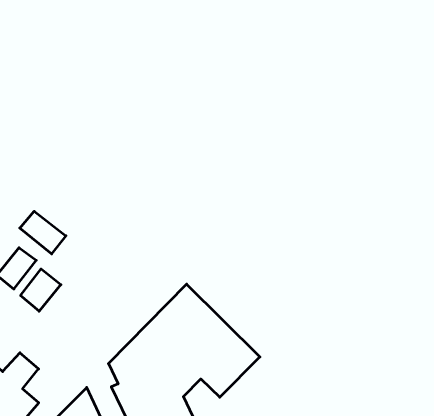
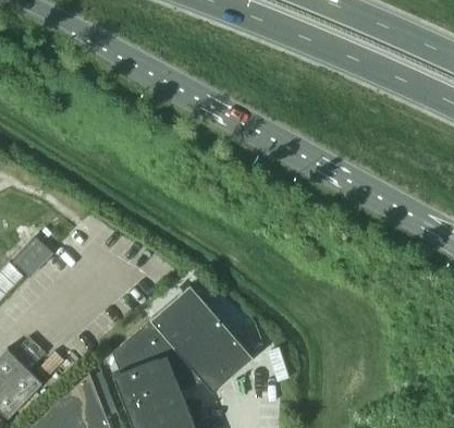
building: [20,211,66,254] -> none
building: [21,269,61,311] -> none

